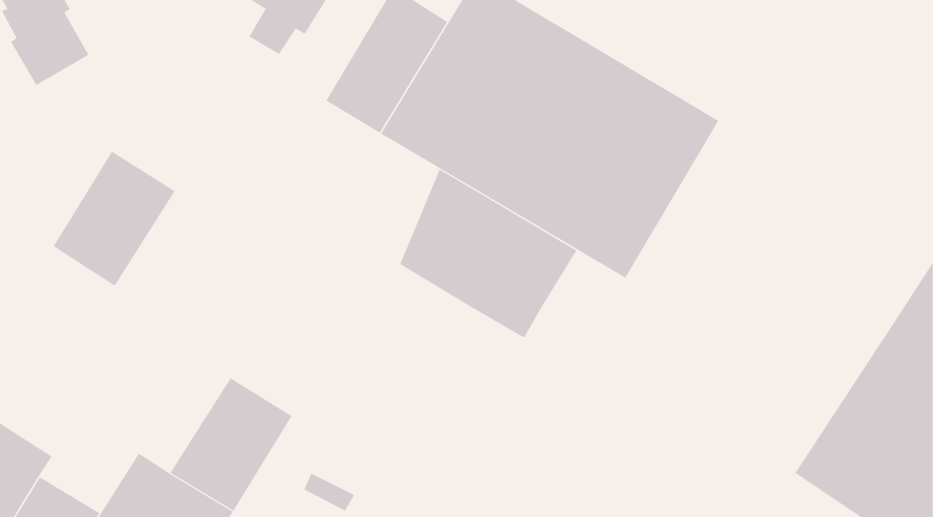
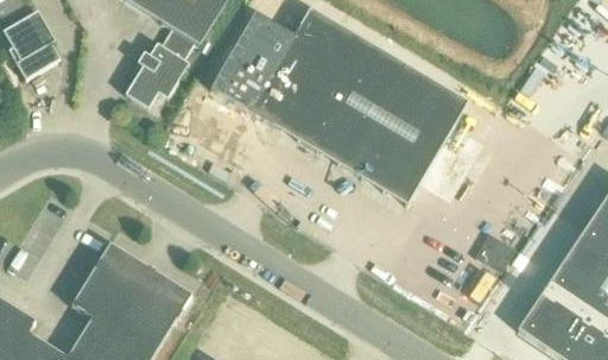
building: none -> [125,43,189,108]
building: [53,151,176,287] -> [71,242,151,330]
building: [399,169,577,339] -> none

